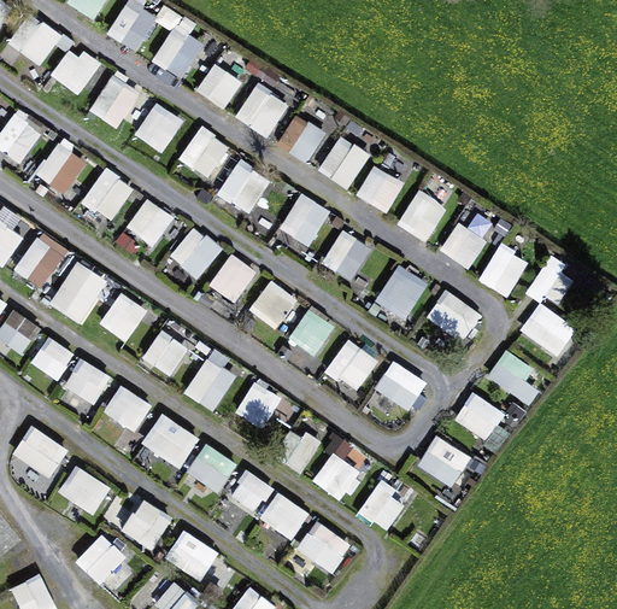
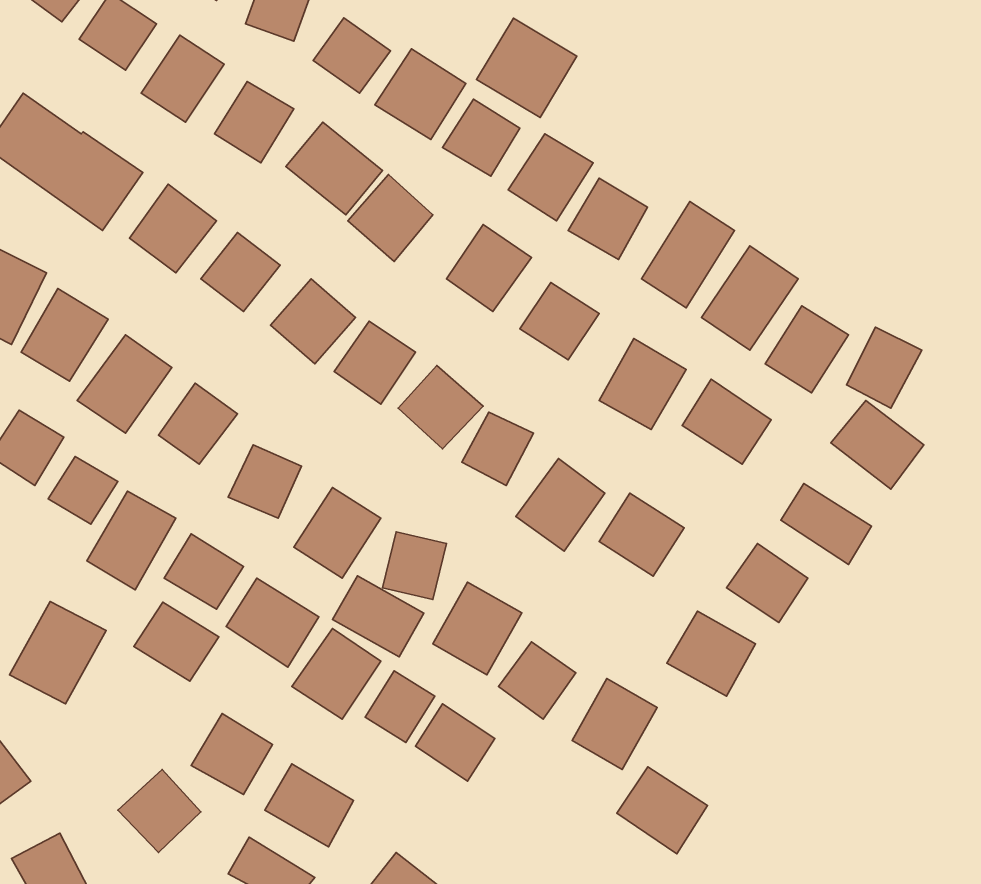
building: none -> [477,18,577,118]
building: none -> [333,576,424,657]
building: [57,465,110,515] -> [134,602,219,681]
building: [295,520,352,574] -> [617,767,708,854]

